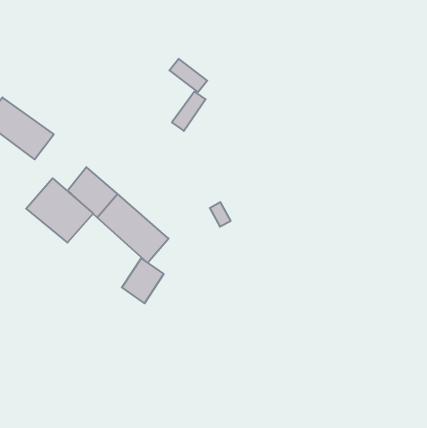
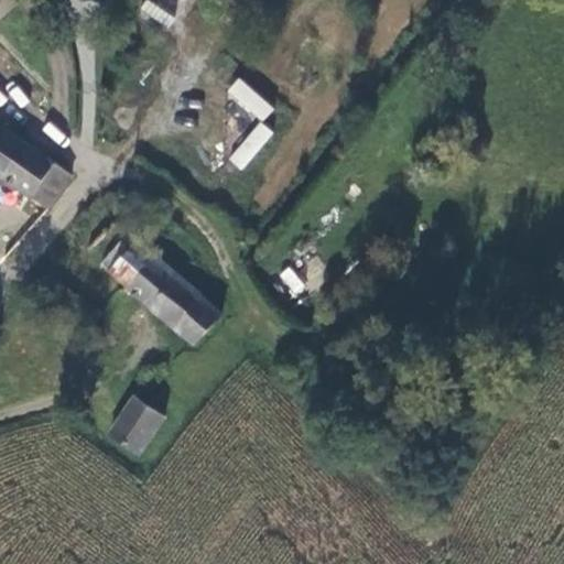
building: [26,178,93,243] -> none
building: [122,258,164,303] -> [109,395,164,455]

